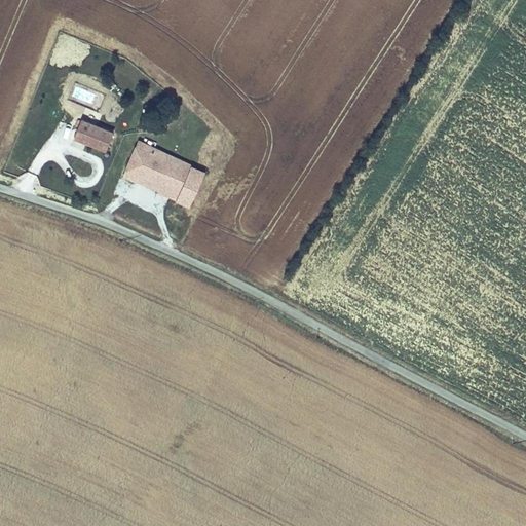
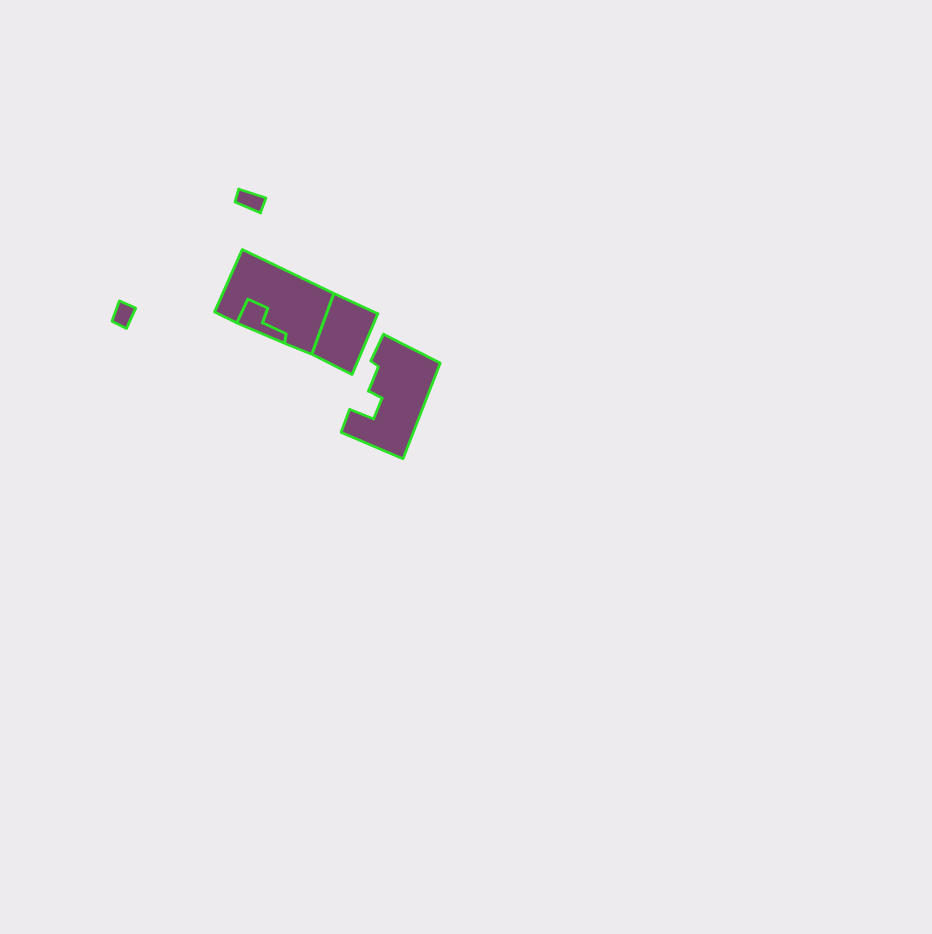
building: [72,119,113,152] -> none
building: none -> [341,334,440,459]

